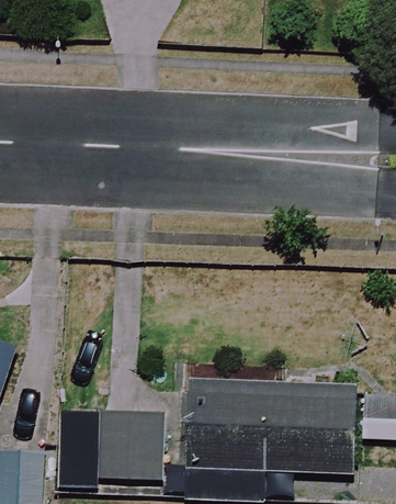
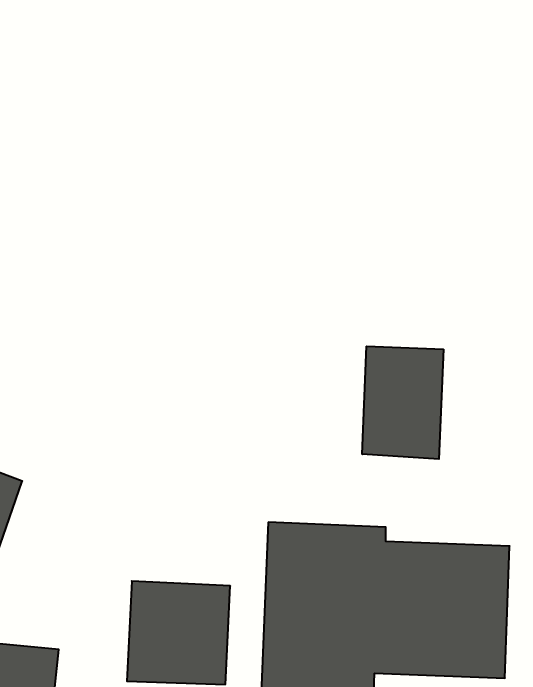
building: none -> [362,346,443,459]

